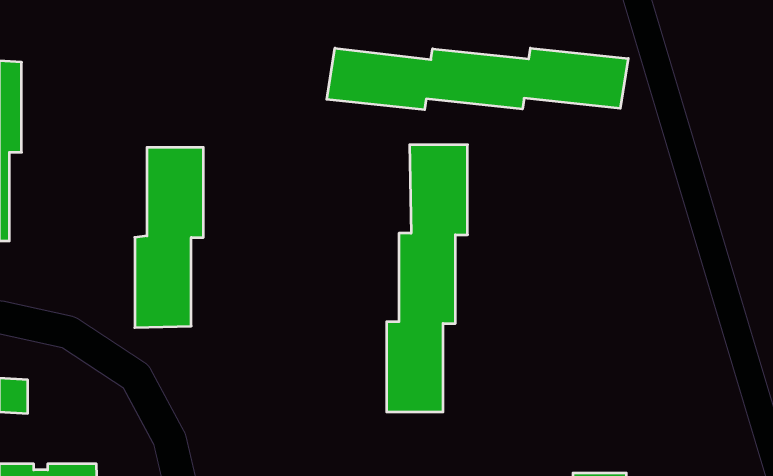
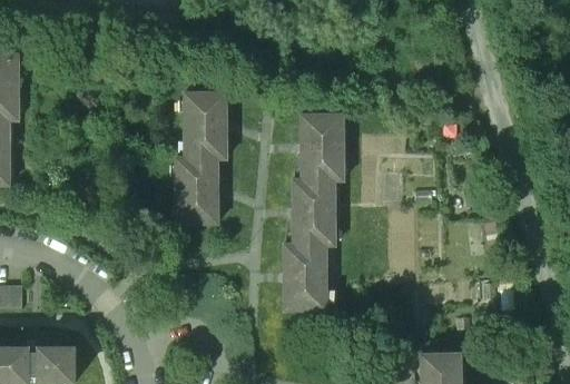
building: [327,48,628,110] -> none
building: [135,147,203,328] -> [176,92,226,224]

